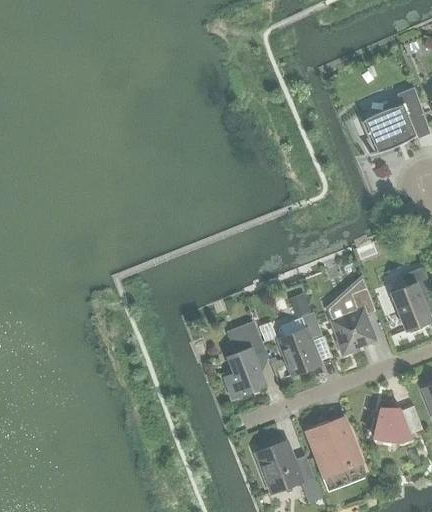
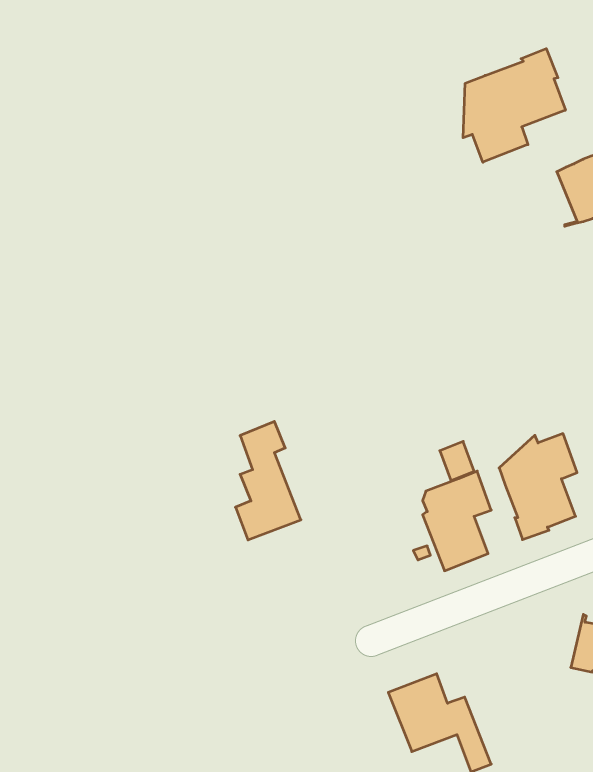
building: none -> [463,49,565,162]
building: [224,322,266,398] -> [235,421,301,540]
building: [309,419,365,489] -> none

